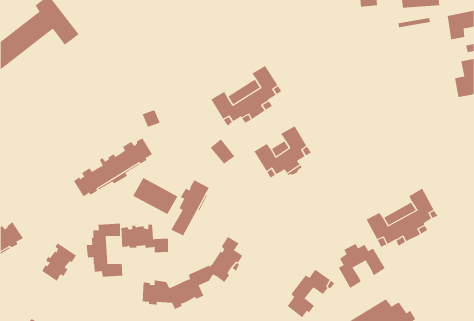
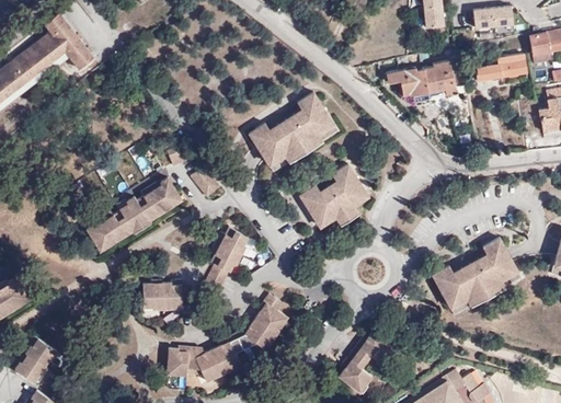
building: none -> [477,56,525,82]
building: none -> [386,61,456,95]
building: [210,138,235,165] -> [191,168,220,198]
building: [132,177,178,215] -> none
building: [86,223,123,277] -> none
building: [41,242,77,281] -> [15,337,57,383]
building: [338,243,386,289] -> none

